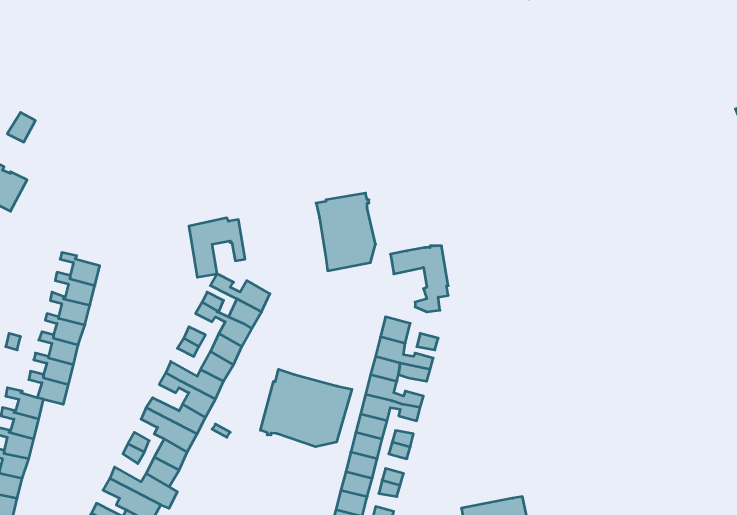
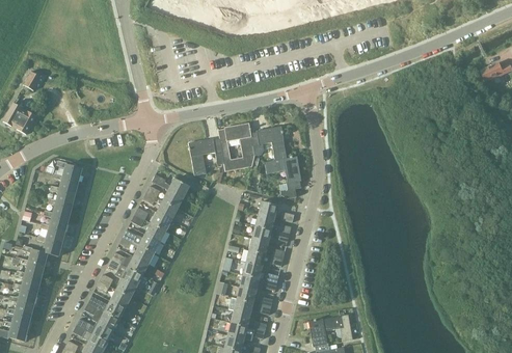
building: none -> [250,126,287,159]
building: [189,218,245,277] -> [189,137,224,174]
building: [260,369,352,447] -> none

